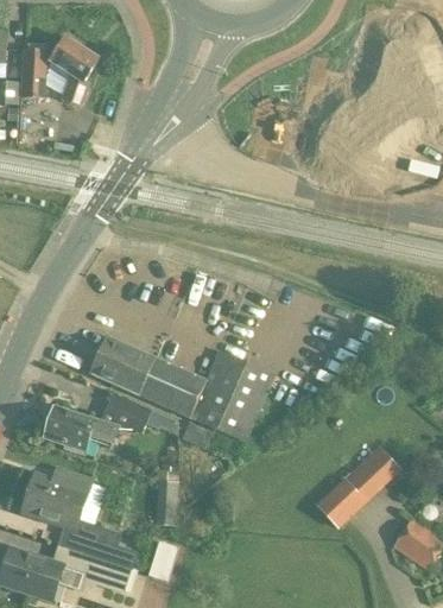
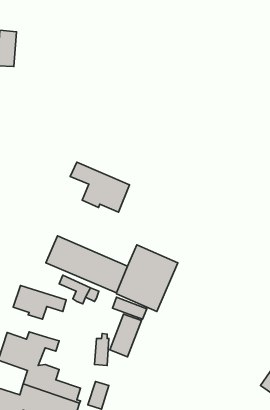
building: [49,36,96,106] -> none
building: none -> [70,162,129,212]
building: [315,443,399,527] -> none
building: none -> [110,314,141,357]

